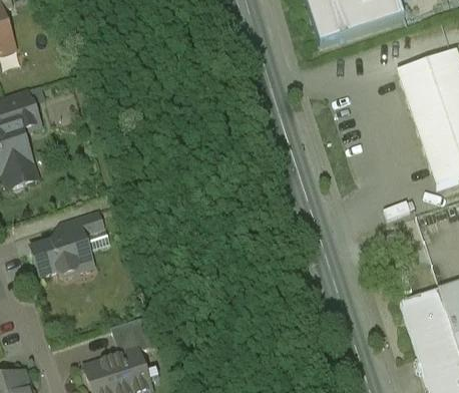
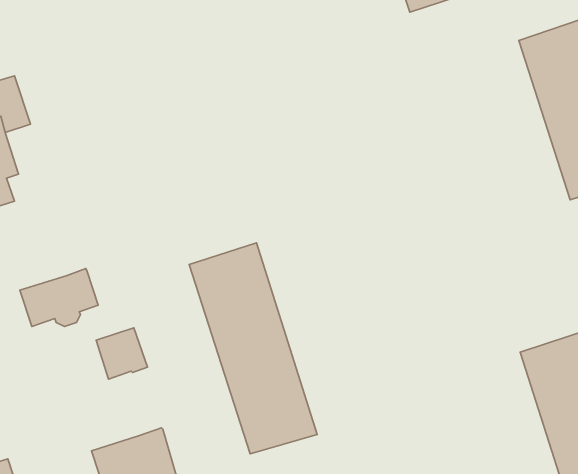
building: [62,215,101,240] -> none
building: none -> [189,243,317,454]
building: [110,321,148,359] -> [96,328,147,379]

